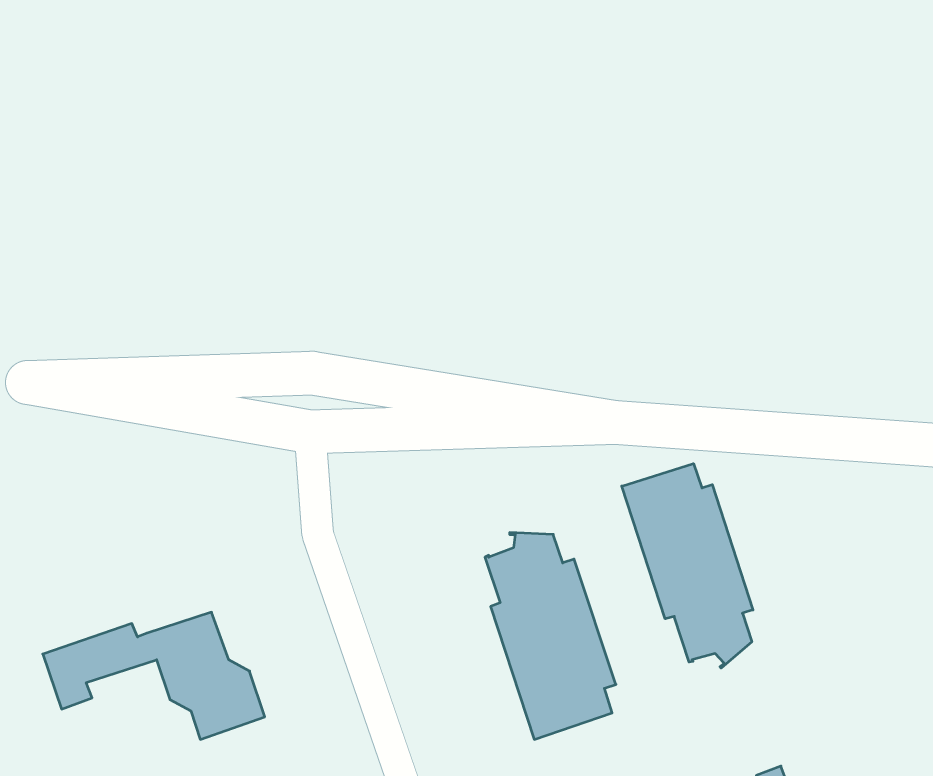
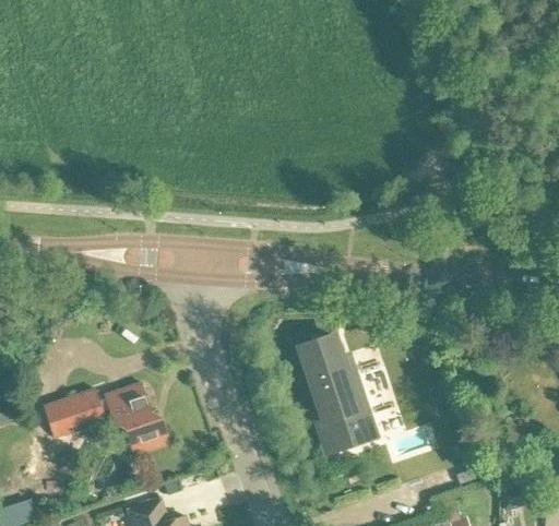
building: [622,464,753,668] -> none

